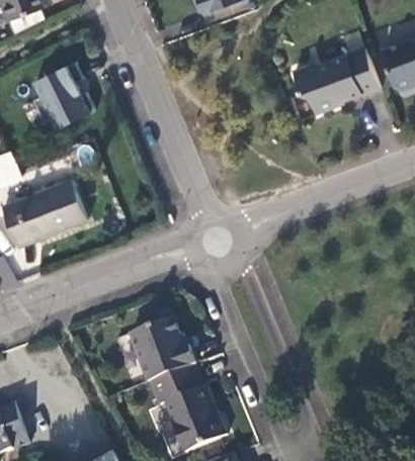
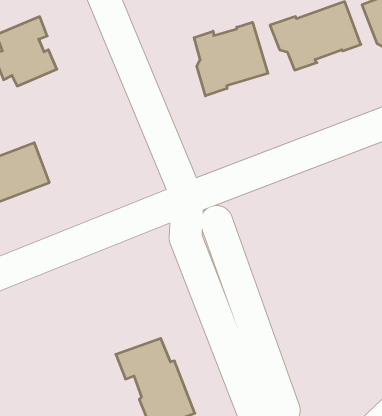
building: none -> [194,22,268,96]
building: [128,316,195,381] -> none

